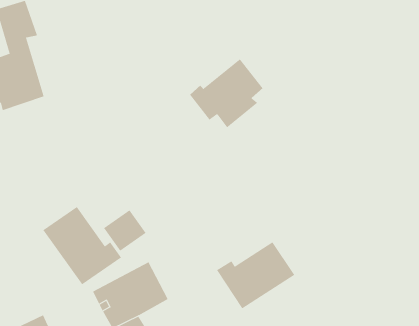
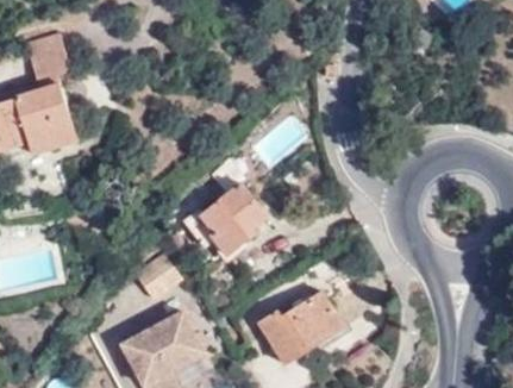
building: [189,58,263,128] -> [183,182,263,257]
building: [43,206,122,285] -> none

